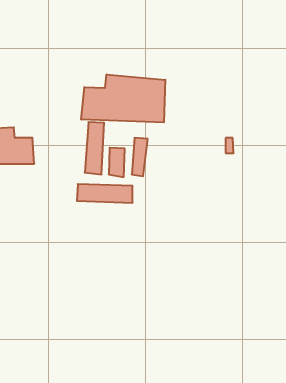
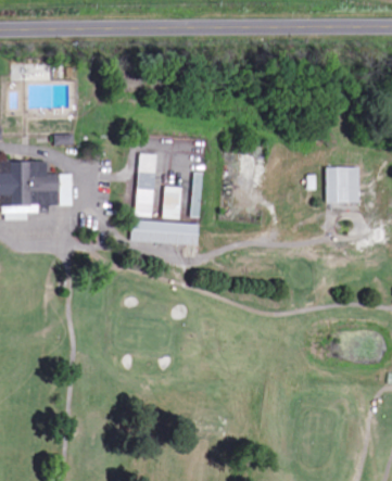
building: [81,74,165,122] -> none
building: none -> [325,165,362,201]

